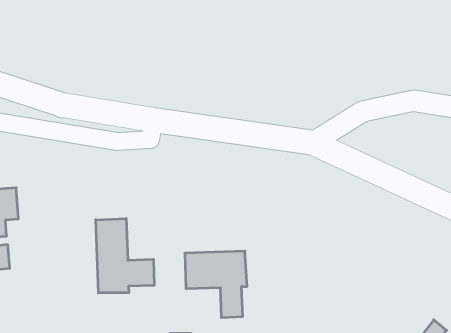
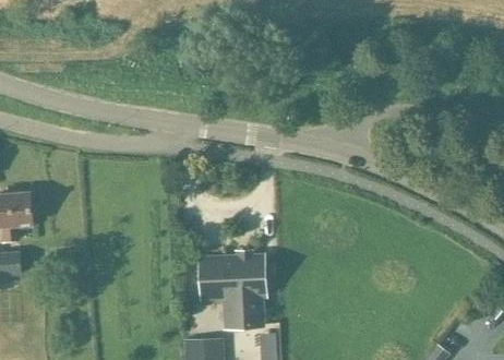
building: [96,218,154,293] -> none

